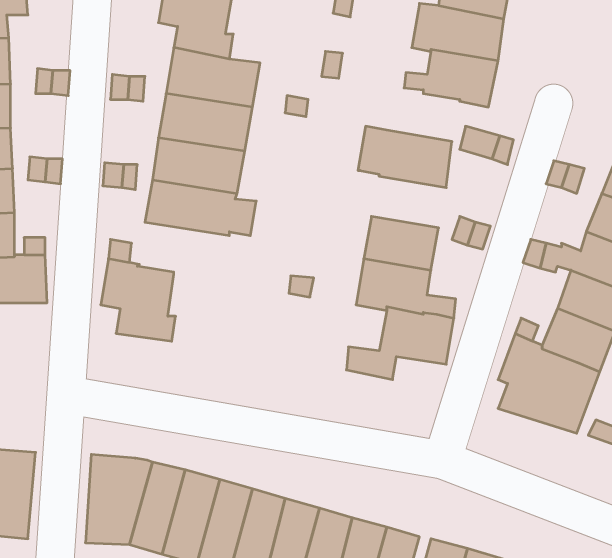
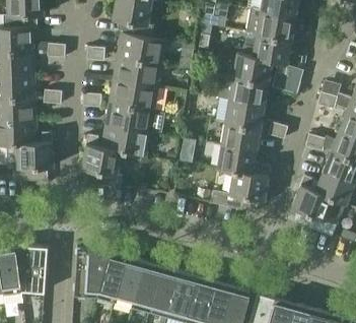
building: none -> [233,54,272,83]
building: none -> [215,99,265,129]
building: none -> [101,126,150,157]

